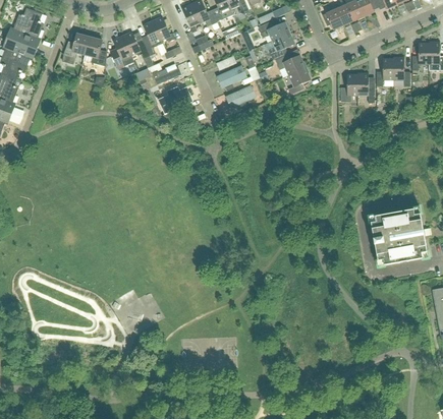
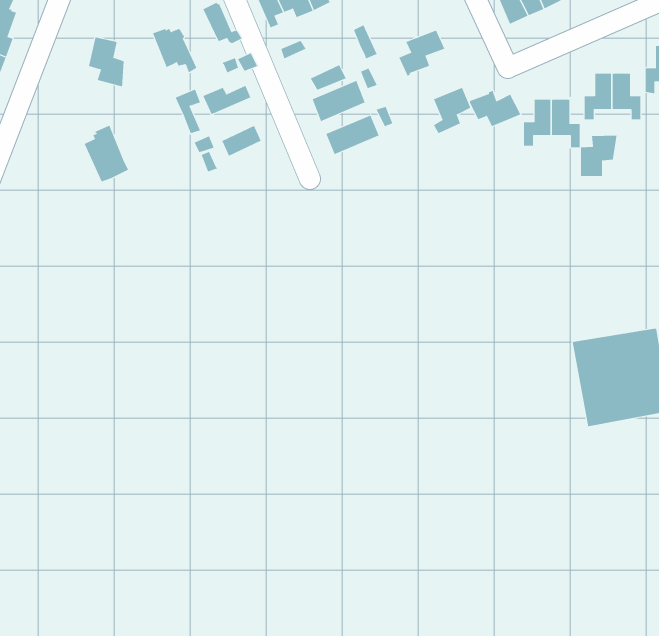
building: [141,20,161,55] -> none
building: [257,20,289,40] -> none
building: [62,33,89,58] -> none
building: [107,35,133,68] -> [84,125,129,182]
building: [274,52,304,73] -> [469,90,521,127]
building: none -> [581,135,617,177]

